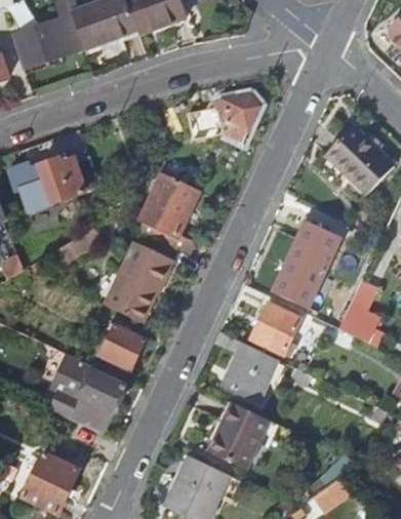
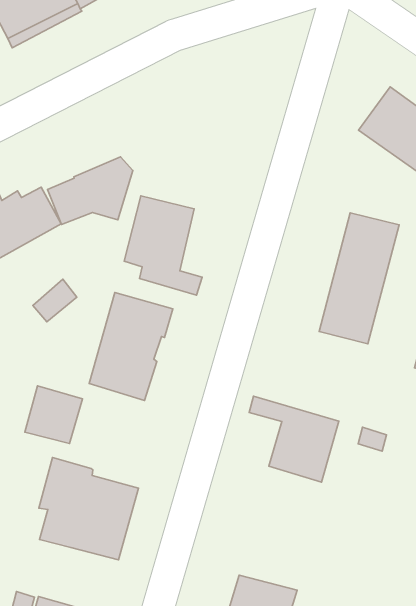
building: [195,93,258,138] -> [47,157,133,224]
building: [251,303,299,354] -> none
building: [99,323,145,368] -> [25,386,82,444]
building: [207,402,268,469] -> none

